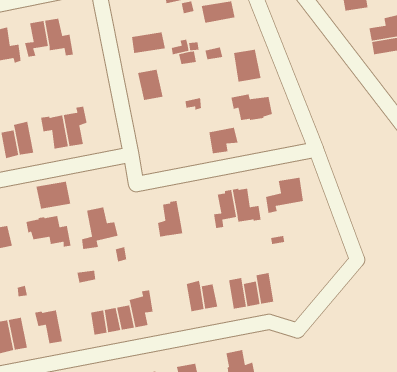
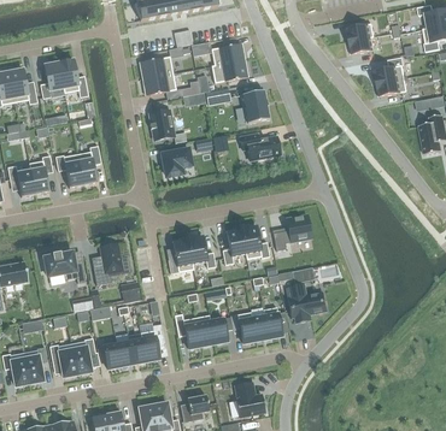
building: none -> [139,55,172,77]
building: none -> [211,59,247,82]
building: [209,127,238,154] -> [162,148,190,175]
building: [36,181,71,210] -> none
building: none -> [187,235,215,267]
building: none -> [286,282,327,321]
building: none -> [174,312,200,347]
building: none -> [70,337,94,373]

